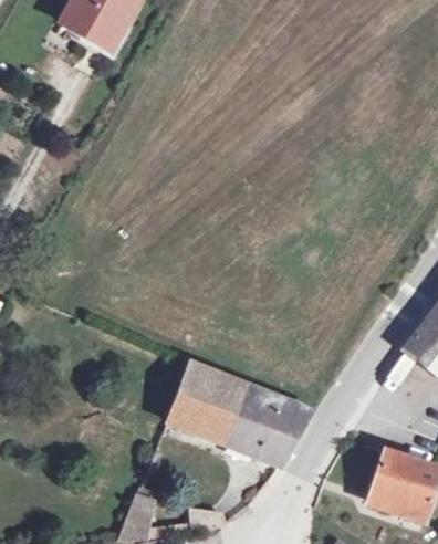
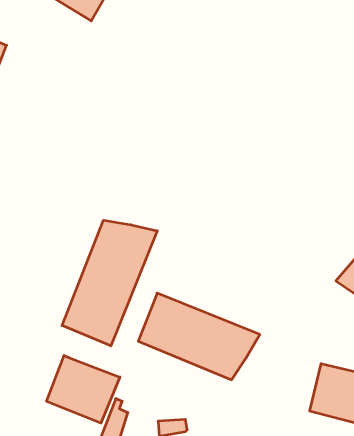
building: none -> [62,220,157,346]
building: none -> [47,355,120,423]

